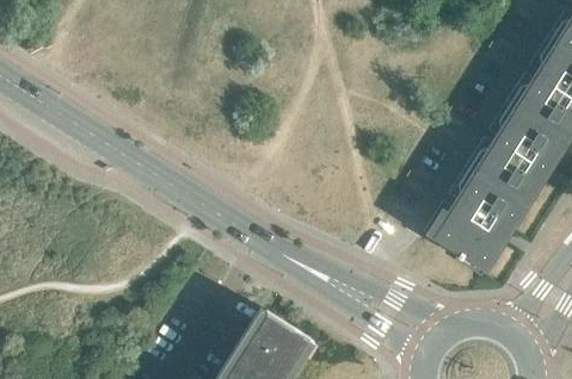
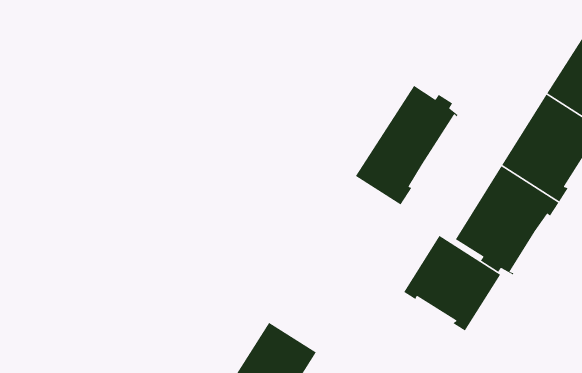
building: none -> [355,85,459,205]
building: none -> [403,235,501,332]

